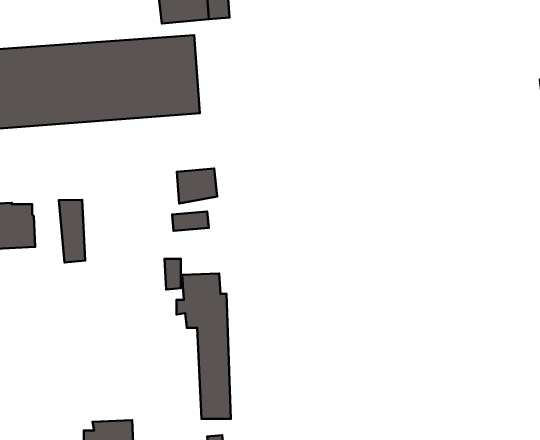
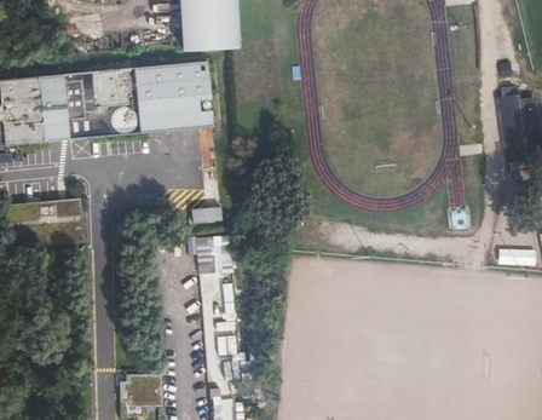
building: [177,169,217,203] -> none
building: [59,200,85,262] -> none

